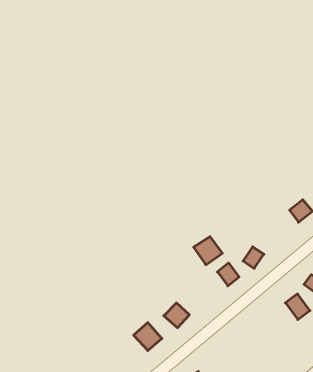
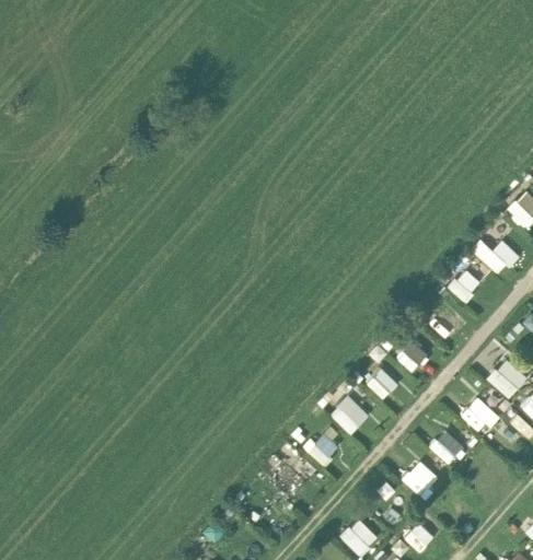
building: [194,237,222,265] -> [329,396,369,434]
building: none -> [429,430,463,464]
building: none -> [402,460,438,495]

